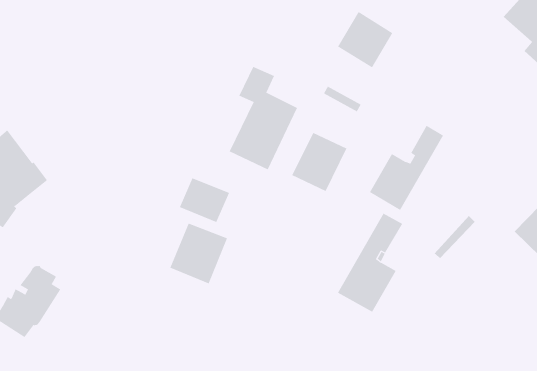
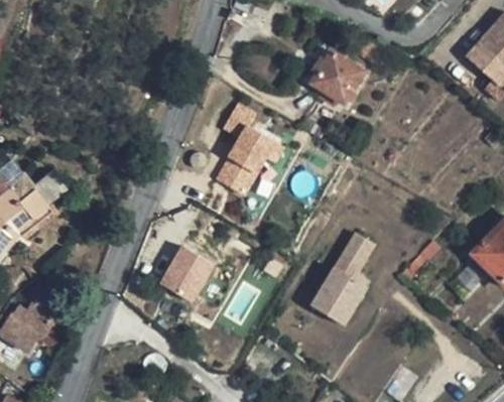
building: [369,125,444,211] -> none
building: [291,132,347,192] -> none
building: [179,177,230,223] -> none

